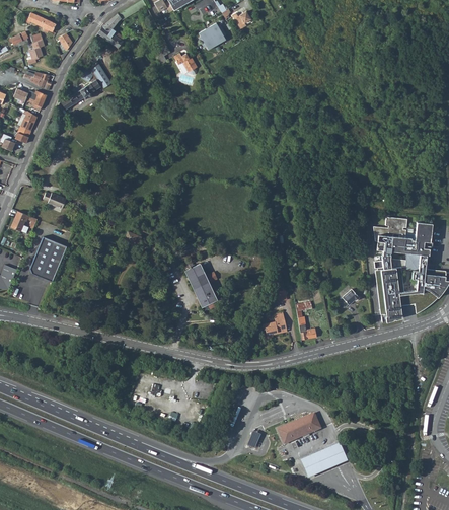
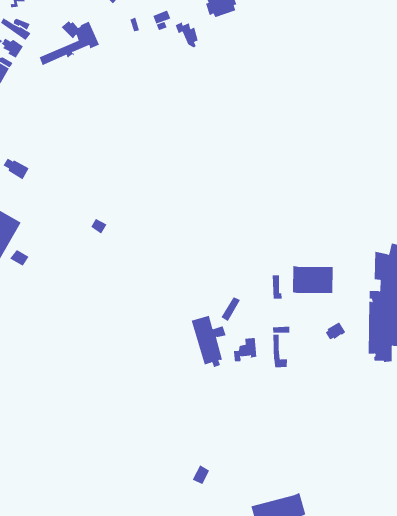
building: none -> [293,265,333,294]
building: [183,265,216,309] -> [191,315,226,368]
building: [276,413,320,445] -> none

